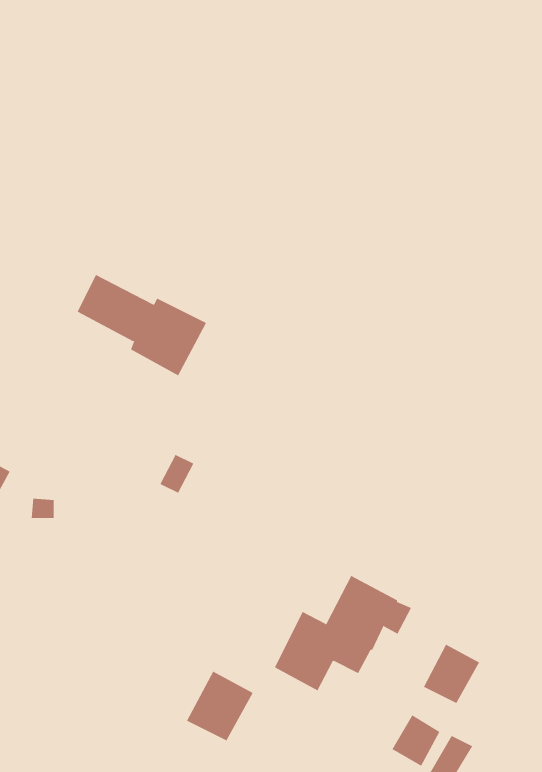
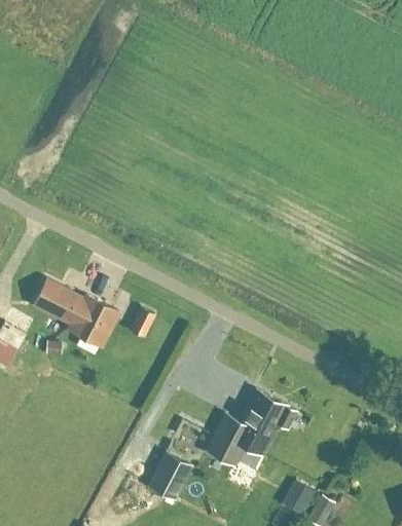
building: [77,274,207,376] -> [34,279,119,346]
building: [423,644,480,704] -> none

